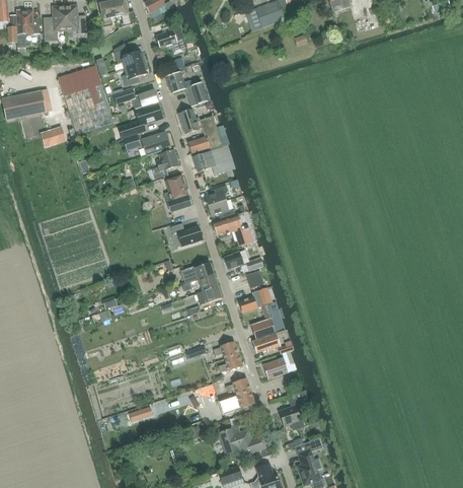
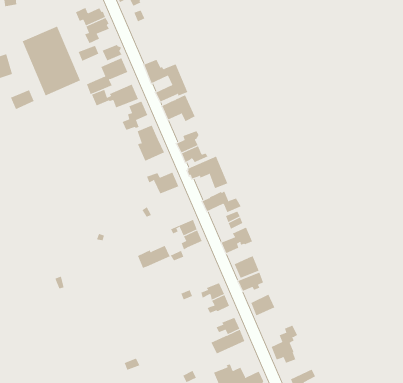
building: [166,72,210,104] -> none
building: [180,262,214,283] -> [137,245,170,268]

